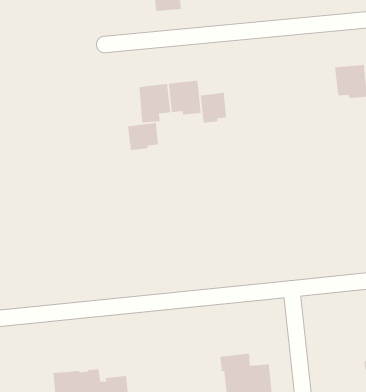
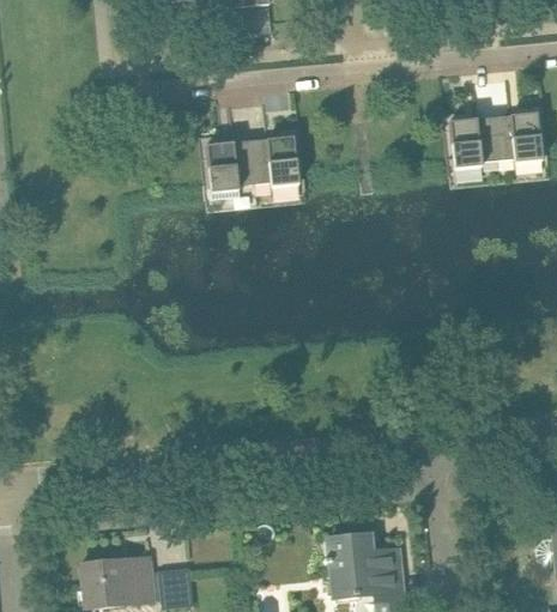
building: none -> [450,115,498,163]
building: [200,92,227,124] -> none
building: [127,122,159,151] -> none

